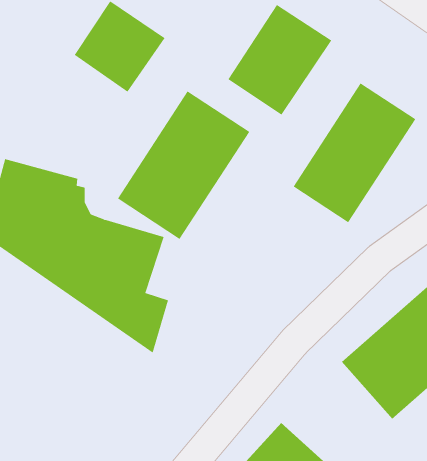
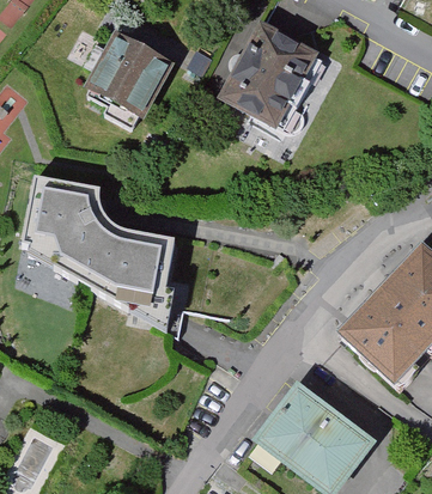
building: [293,82,416,223] -> none
building: [117,90,250,240] -> none

